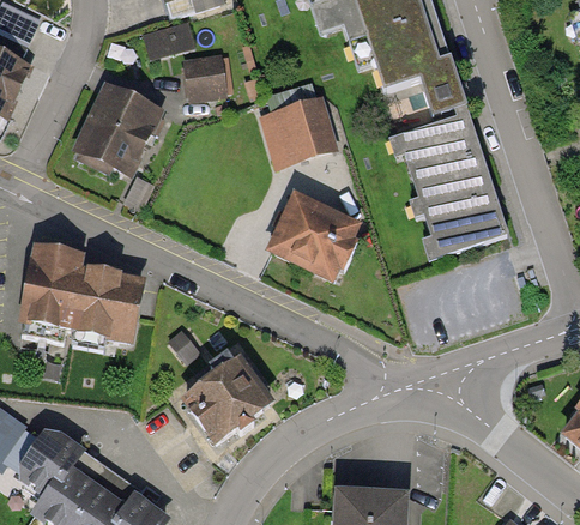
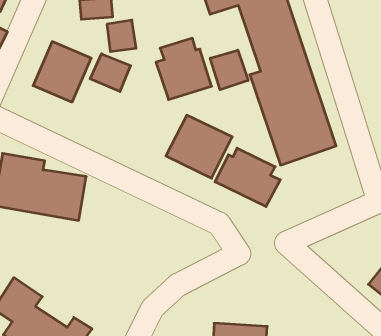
building: none -> [210,50,248,90]
building: none -> [90,54,131,92]
building: none -> [215,148,280,207]
building: [182,350,268,443] -> none

